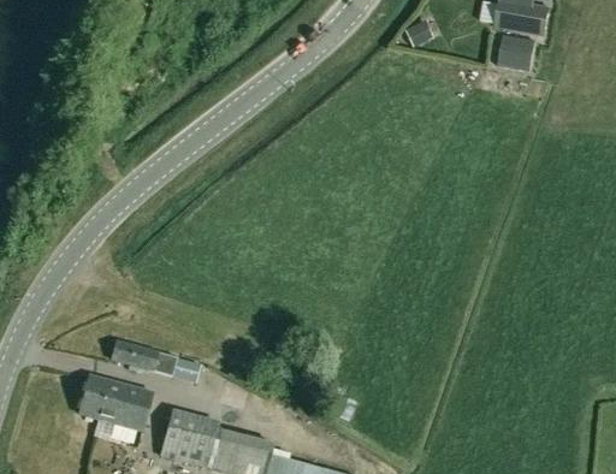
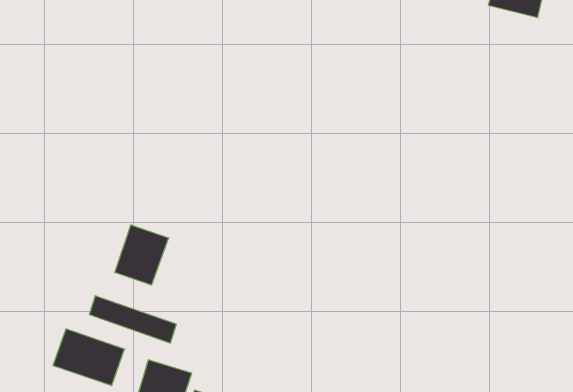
building: [497,35,534,71] -> none
building: none -> [115,225,168,285]

